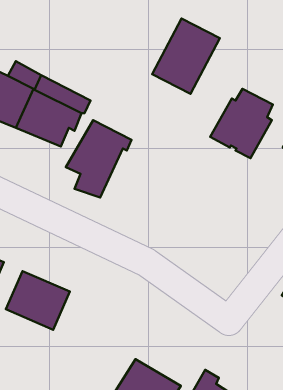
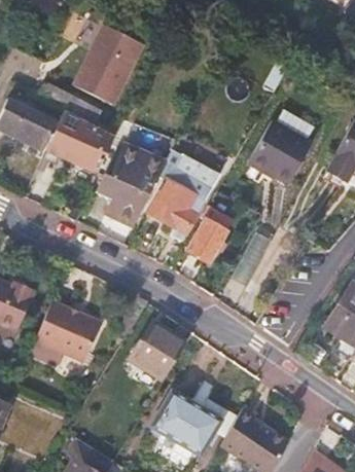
building: [152,18,220,94] -> [75,24,146,103]
building: none -> [148,150,213,240]
building: none -> [188,206,226,262]
building: none -> [131,321,187,379]

